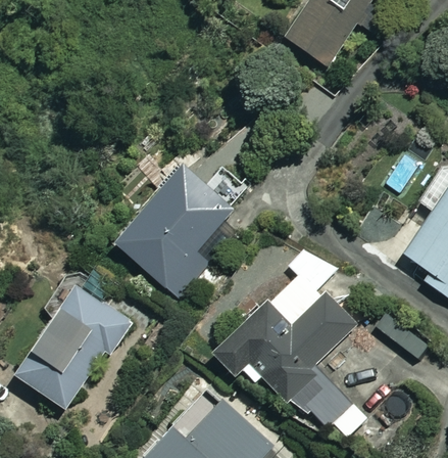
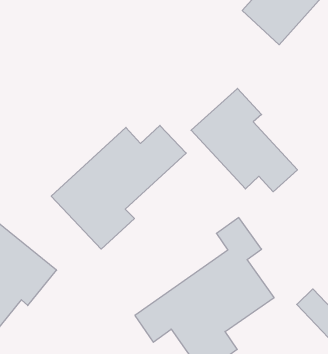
building: none -> [191,88,297,192]

